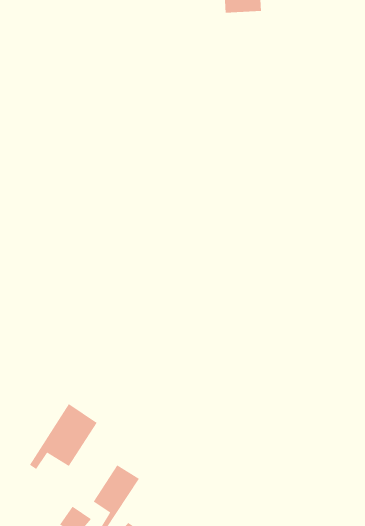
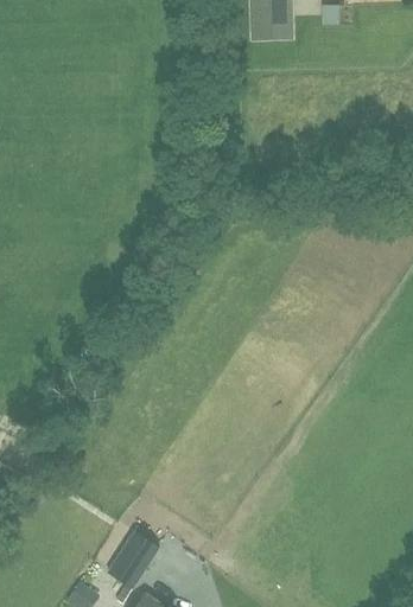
building: [29,403,98,470] -> none

